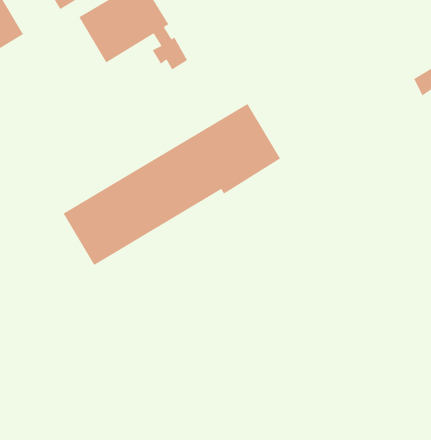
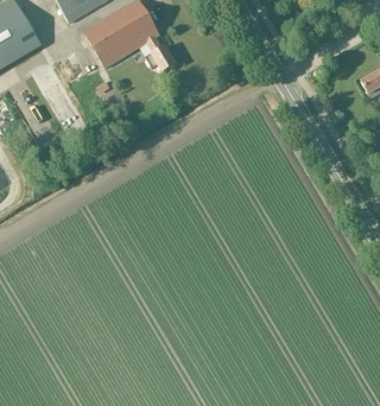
building: [63,103,281,266] -> none

